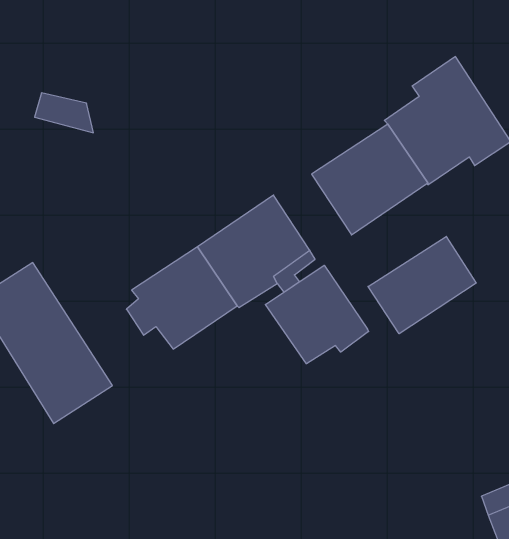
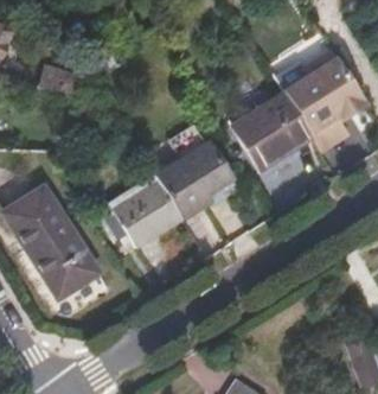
building: [368,236,476,334] -> none
building: [265,265,369,364] -> none

